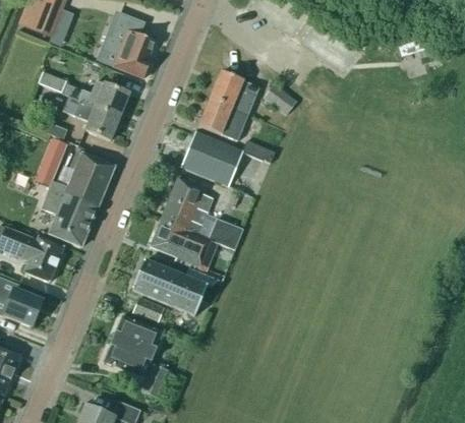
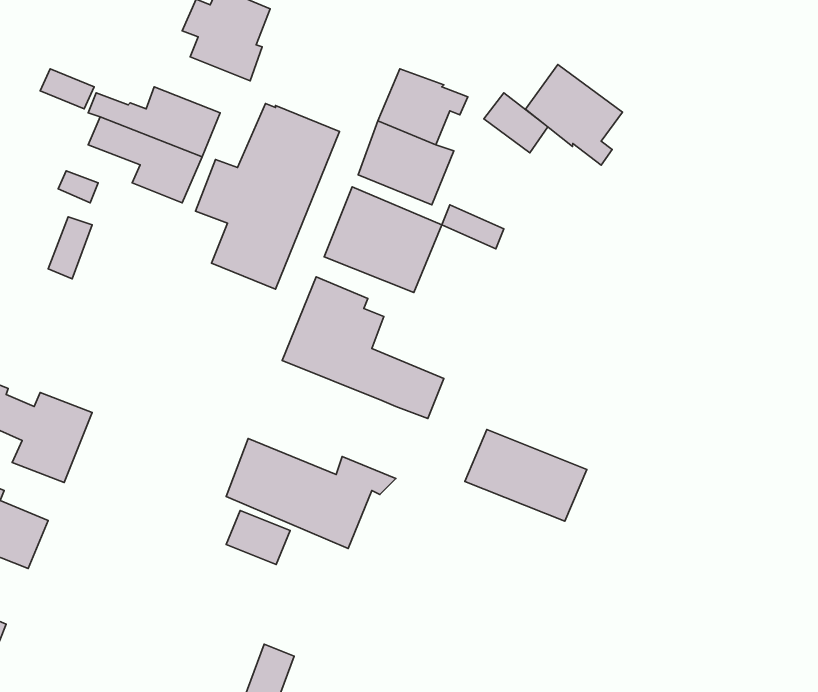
building: none -> [526,64,623,165]
building: [41,152,114,246] -> [195,103,339,289]
building: [150,220,212,266] -> [465,429,587,521]
building: [103,315,162,377] -> none

